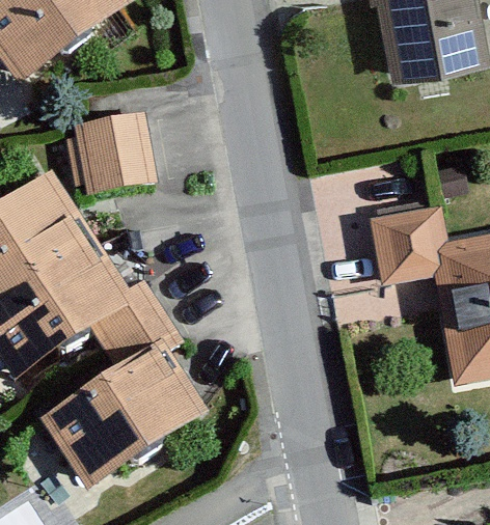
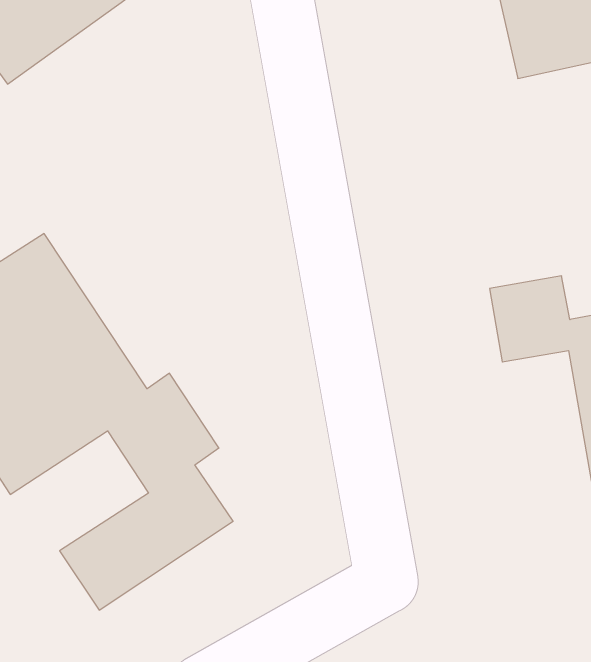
building: [80,117,151,189] -> none

